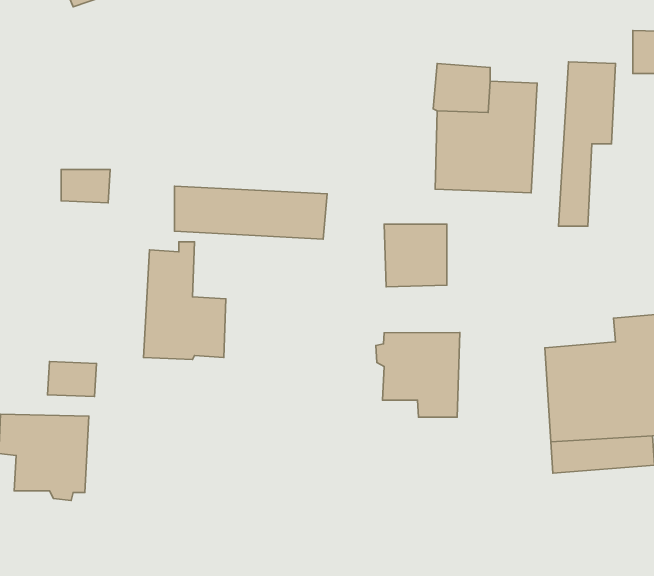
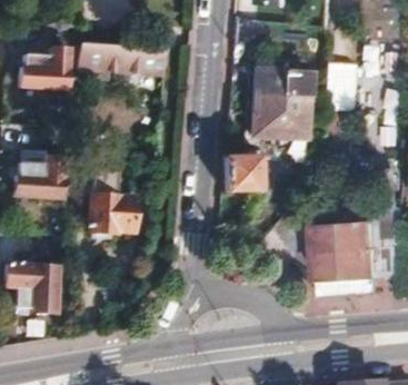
building: none -> [20,47,68,88]
building: [174,186,327,239] -> [79,43,166,73]
building: none -> [13,157,62,198]
building: [376,333,460,417] -> none

